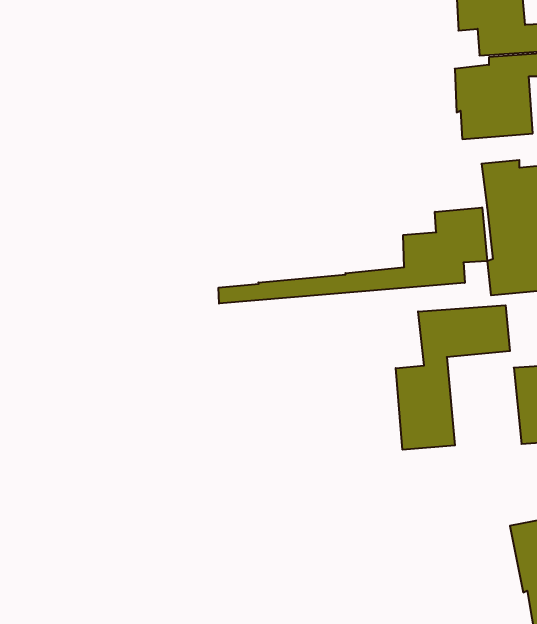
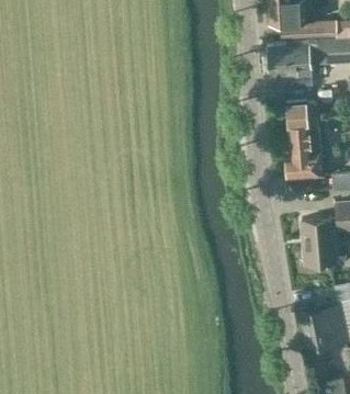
building: [219,207,487,304] -> none
building: [396,305,510,450] -> none

